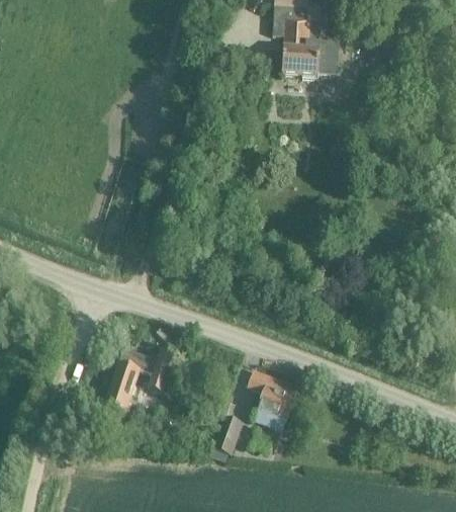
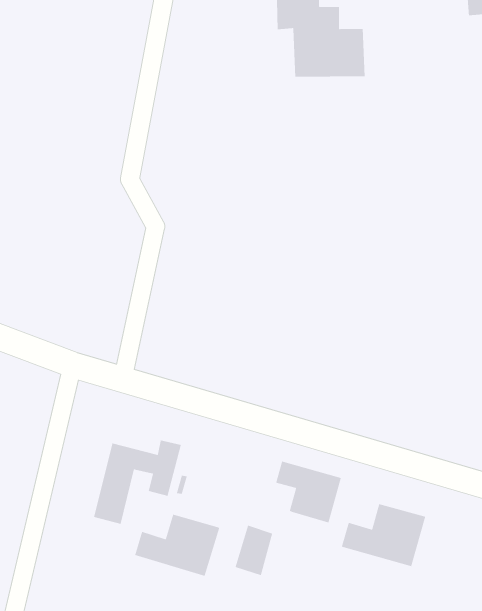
building: none -> [134,514,220,577]
building: none -> [341,504,426,567]

